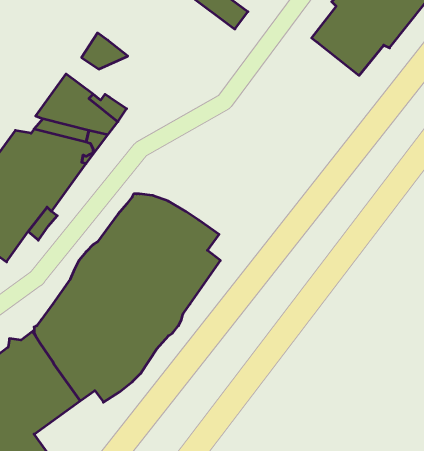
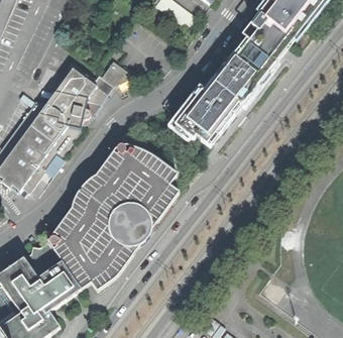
building: [82,33,128,69] -> [100,60,132,85]
building: none -> [166,38,278,146]

